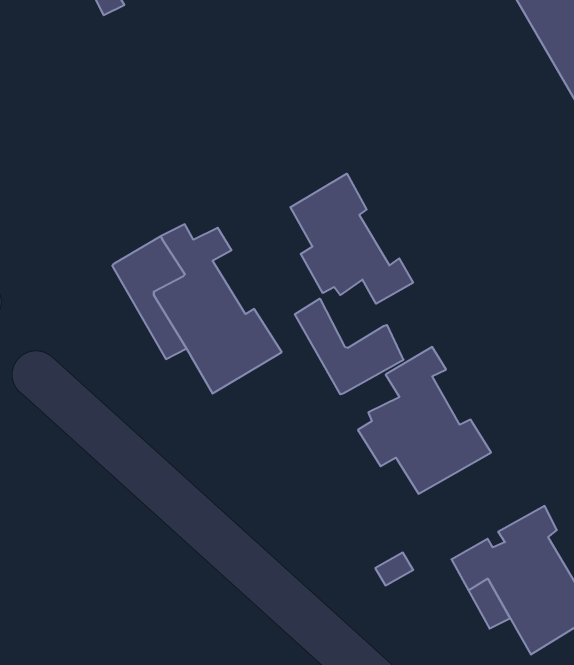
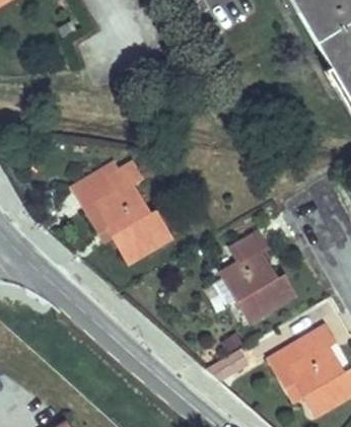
building: [290,174,413,304] -> none
building: [295,299,404,394] -> none

